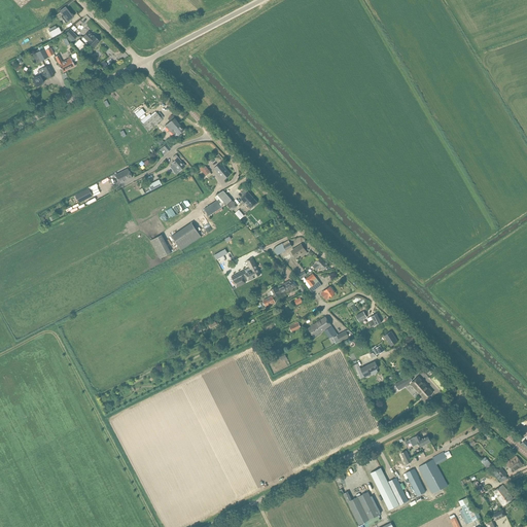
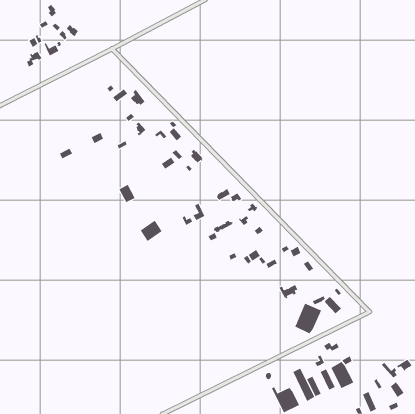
building: [172,221,201,249] -> [140,220,162,242]
building: none -> [295,303,322,334]

